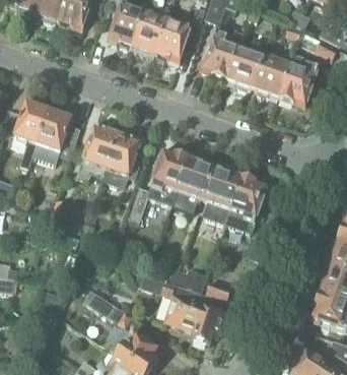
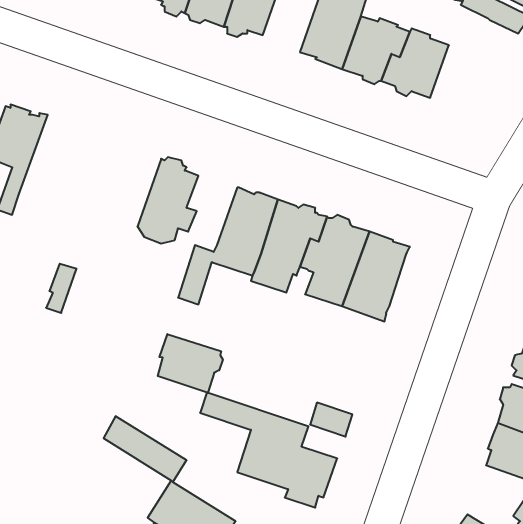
building: [279,52,320,104] -> none
building: [32,106,71,162] -> none
building: [78,126,118,176] -> none
building: none -> [158,334,223,393]

